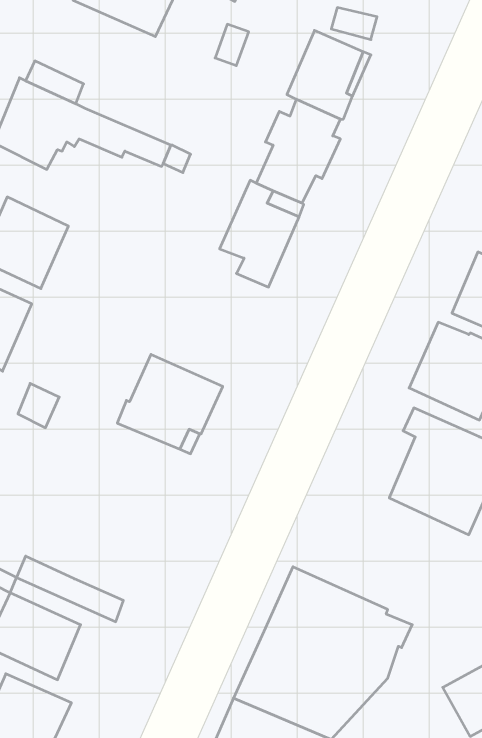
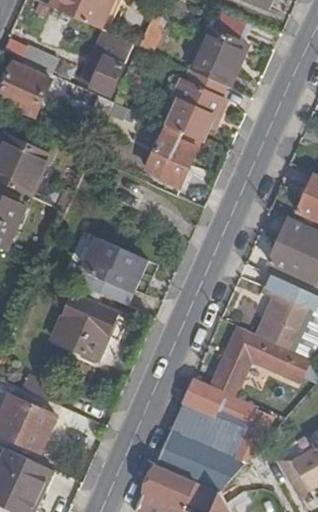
building: none -> [81,33,132,96]
building: none -> [51,295,116,359]
building: none -> [212,326,308,395]

